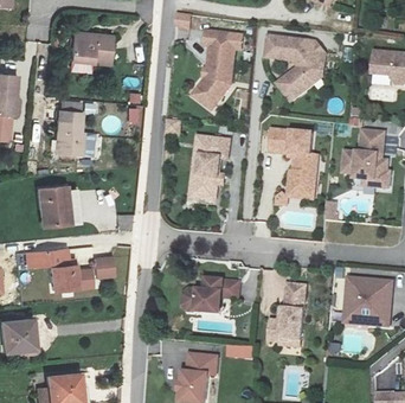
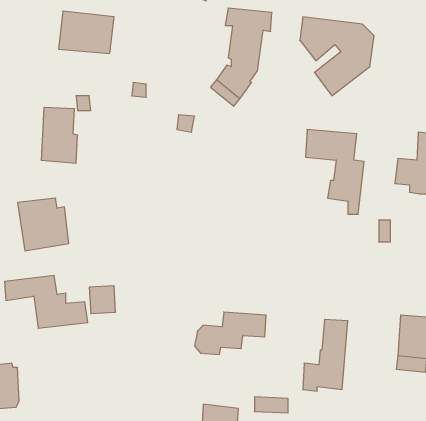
building: [189,134,229,194] -> none

